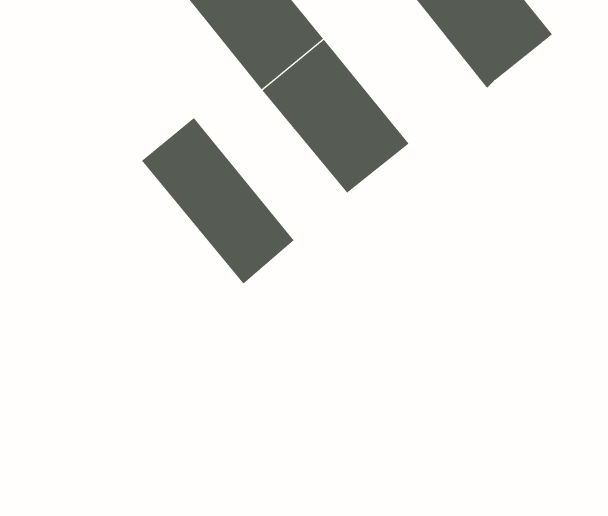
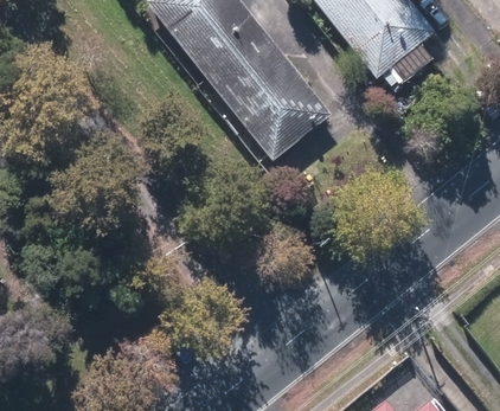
building: [141,117,295,284] -> none

